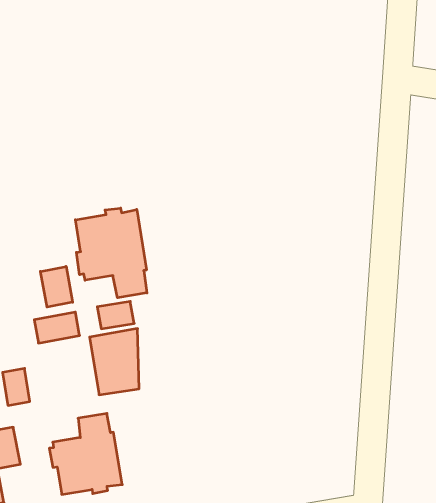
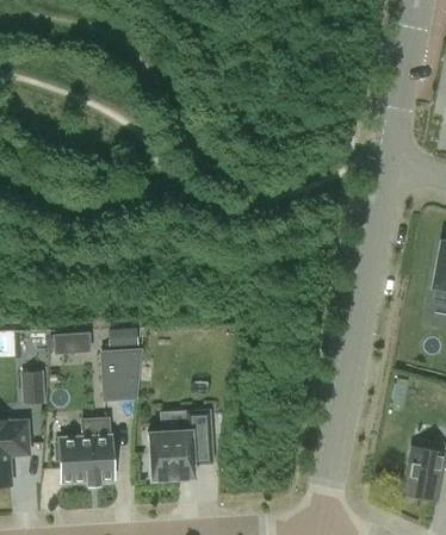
building: [75,208,147,298] -> none
building: [40,266,73,307] -> none
building: none -> [147,410,212,480]

